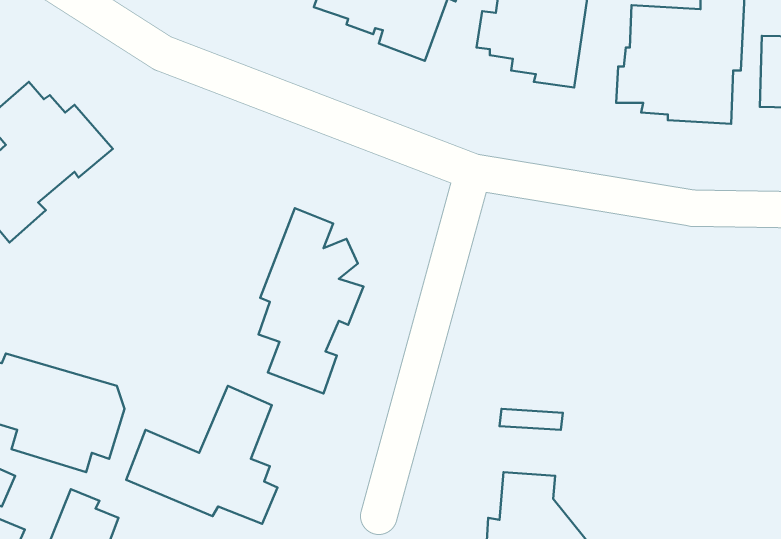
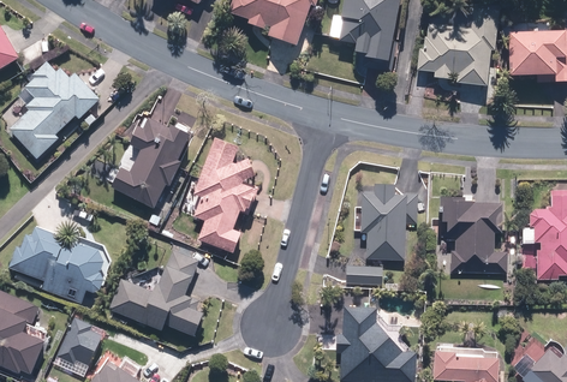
building: none -> [109,117,189,210]
building: none -> [358,183,416,262]
building: none -> [437,196,505,274]

